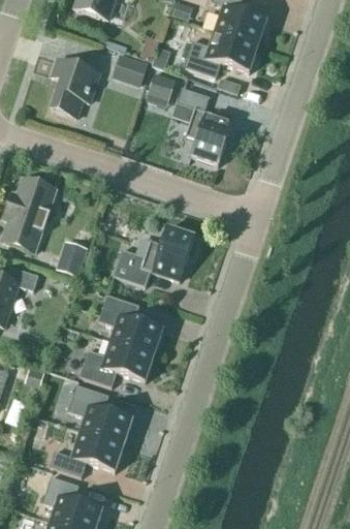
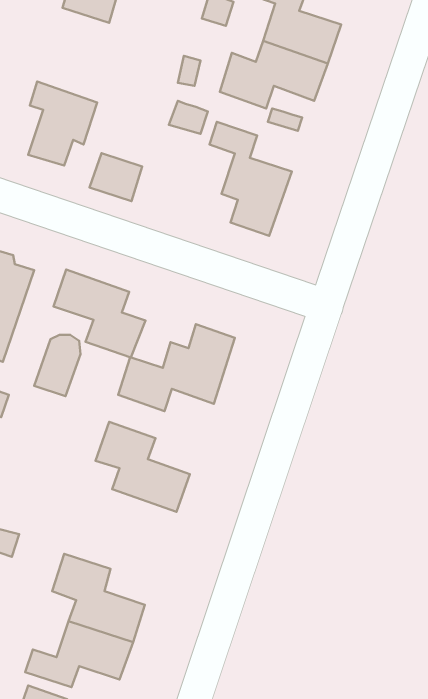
building: [112,53,148,86] -> [90,153,142,201]
building: none -> [54,270,146,358]
building: [79,340,154,386] -> none

